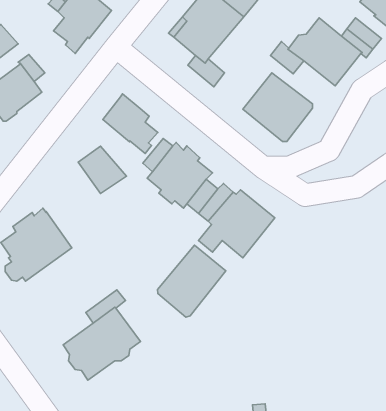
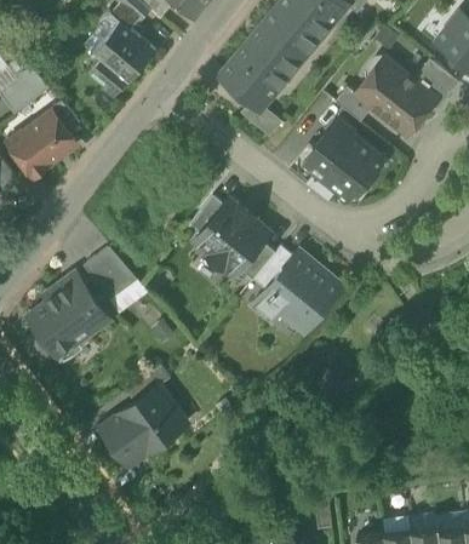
building: [103,94,158,154] -> none
building: [78,146,126,193] -> [84,246,138,299]
building: [157,245,226,317] -> none

